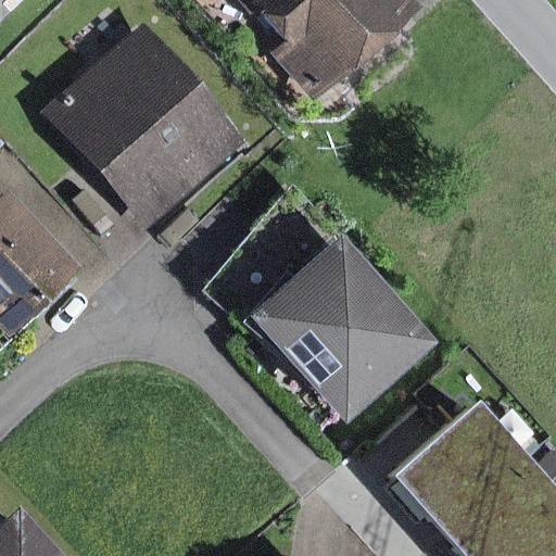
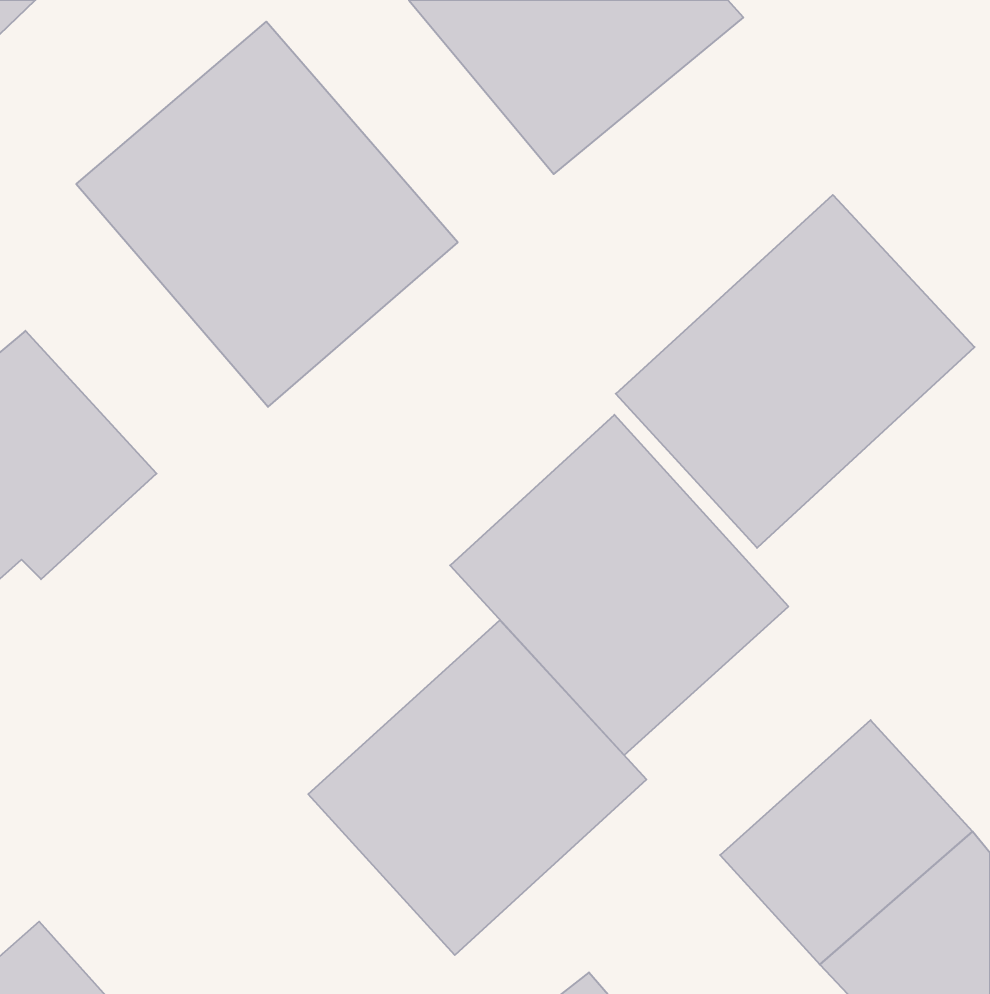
building: none -> [616,195,975,548]
building: none -> [308,620,646,955]

